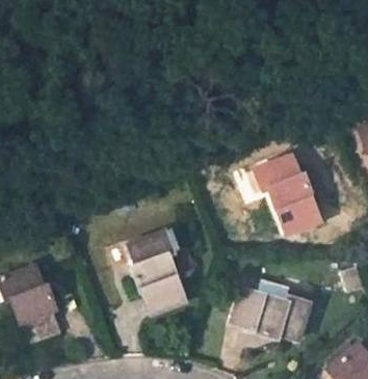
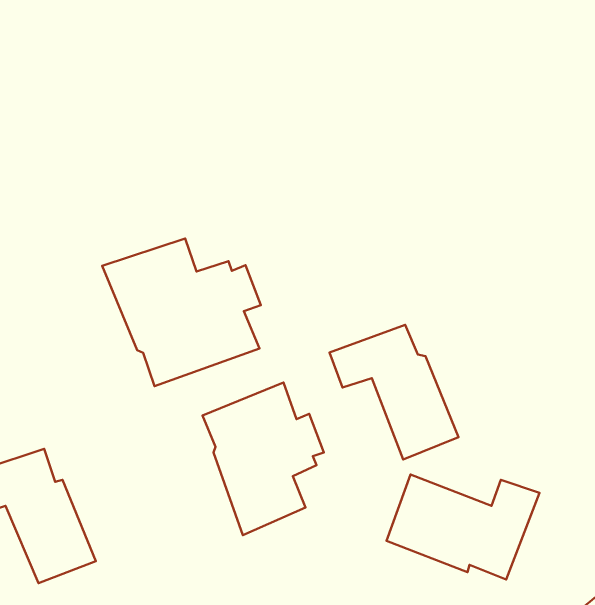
building: none -> [102,238,261,386]
building: [245,159,318,235] -> [330,325,458,459]

